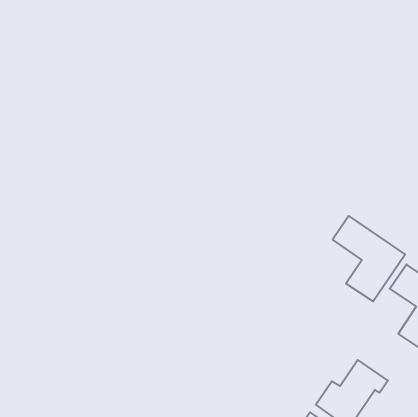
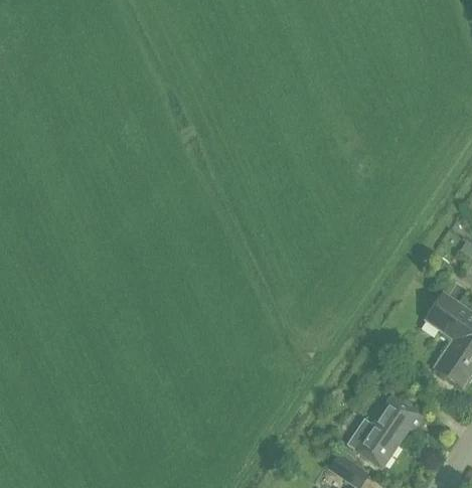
building: [333,216,405,302] -> none

